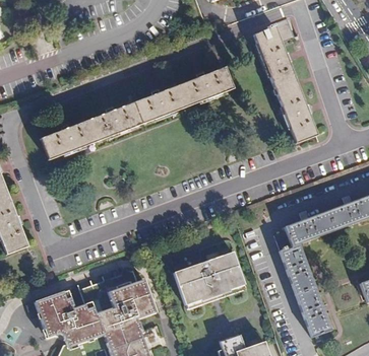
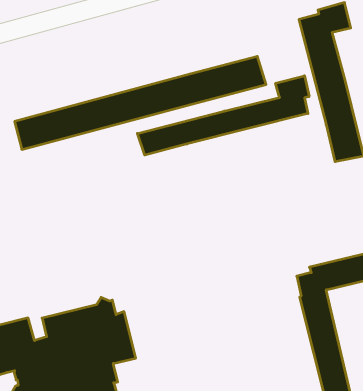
building: none -> [137,76,309,155]
building: [177,251,245,301] -> none

